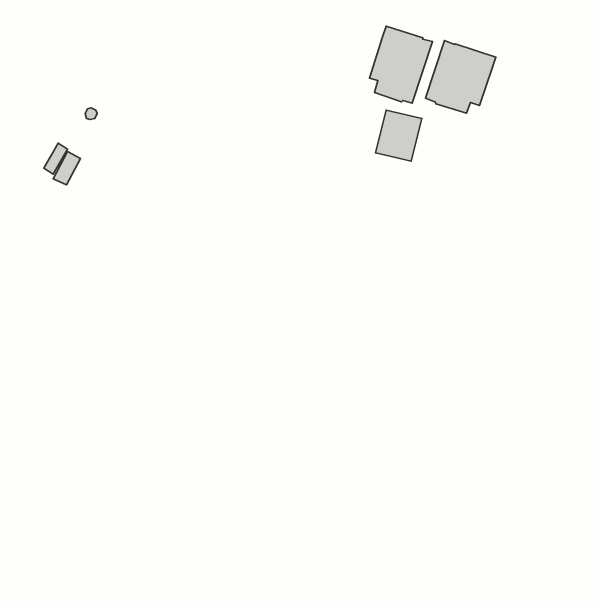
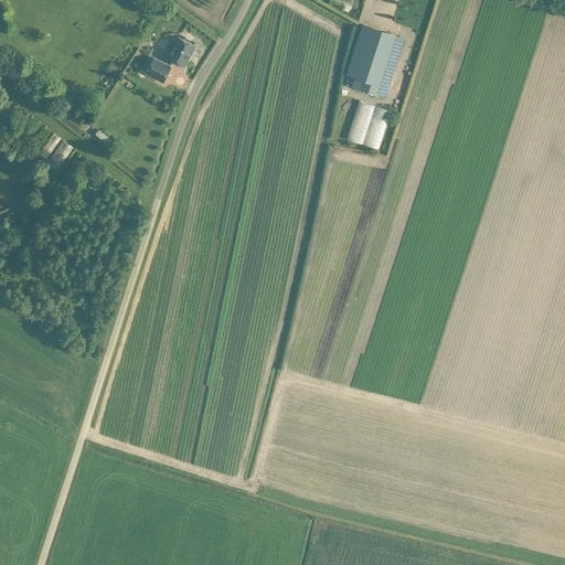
building: none -> [143,36,193,82]
building: [426,41,496,113] -> none

